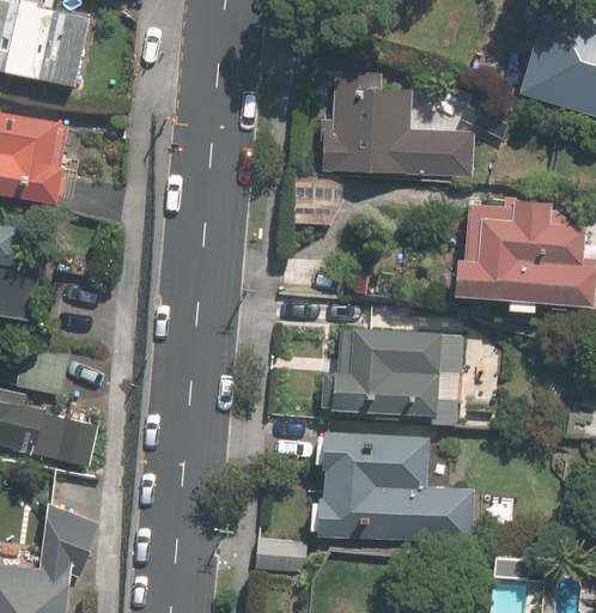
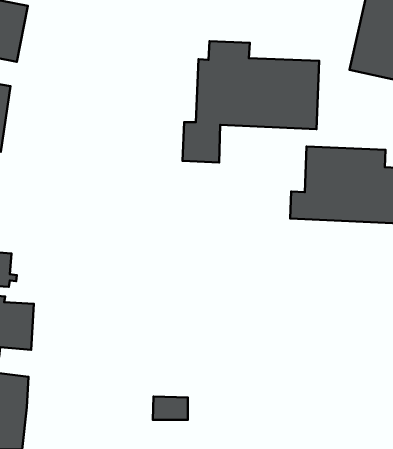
building: [317,330,464,419] -> none
building: [304,427,480,545] -> none

